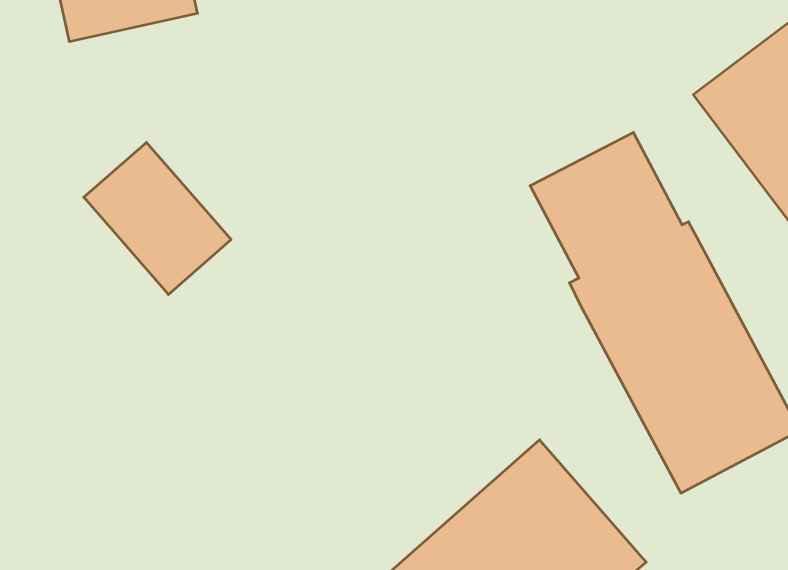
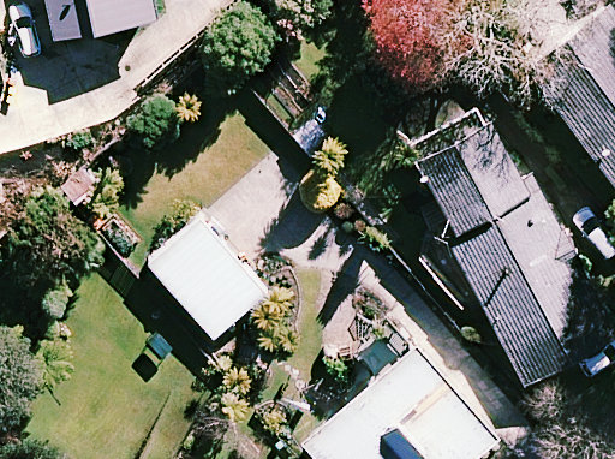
building: [84,142,231,295] -> [150,225,263,341]

